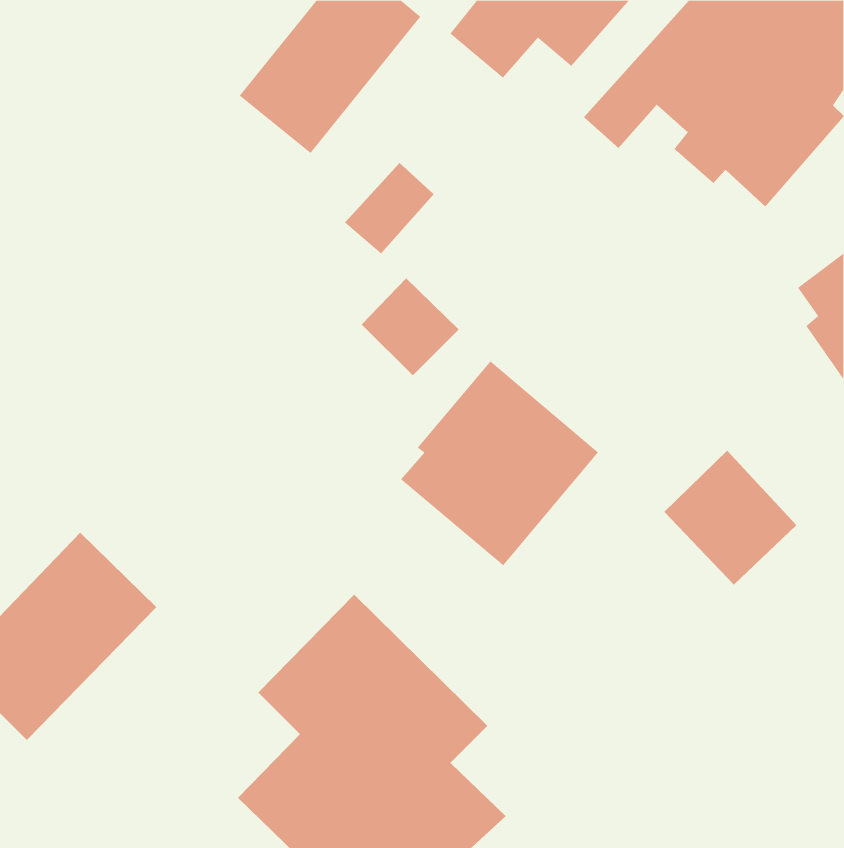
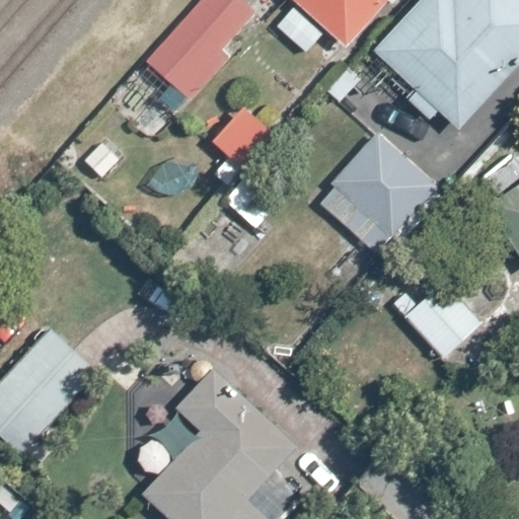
building: [400,361,599,566] -> [320,132,441,256]

